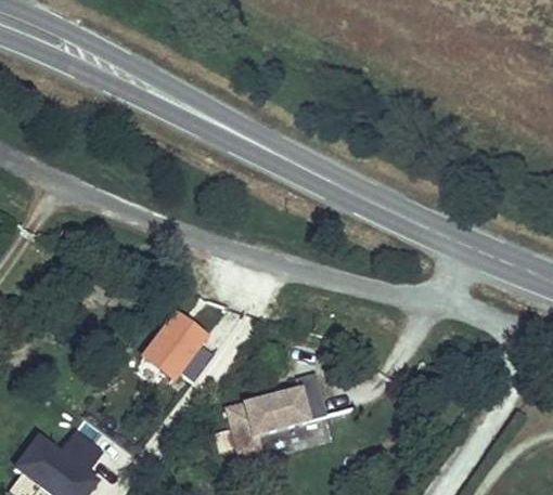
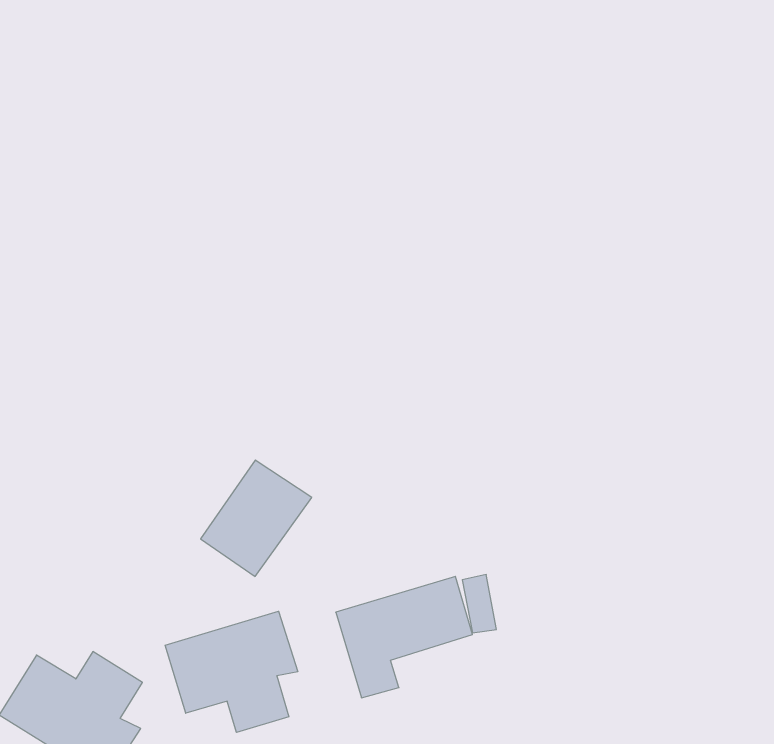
building: none -> [165,611,298,732]

